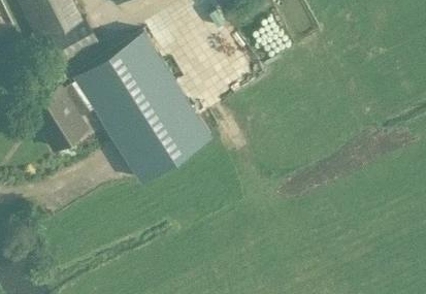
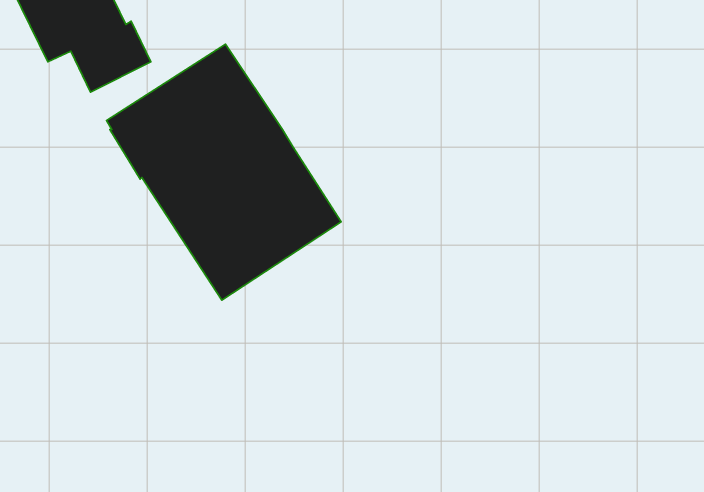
building: [28,83,93,150] -> none

